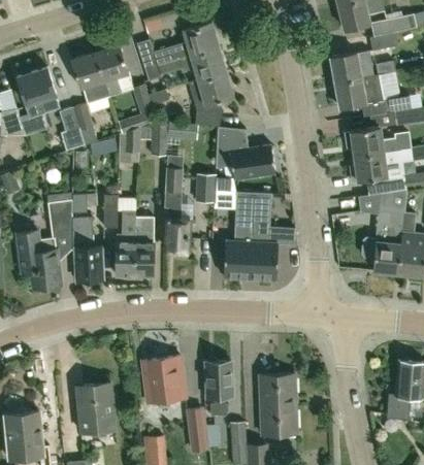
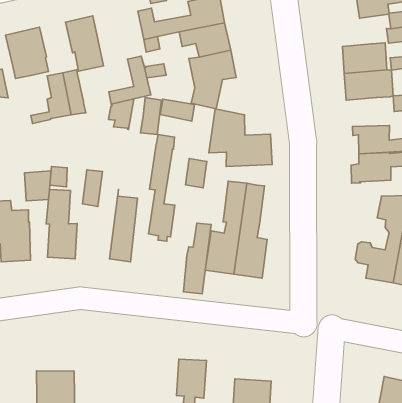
building: [96,44,129,97] -> none
building: [116,210,135,275] -> [183,223,211,294]
building: [141,356,186,402] -> none

